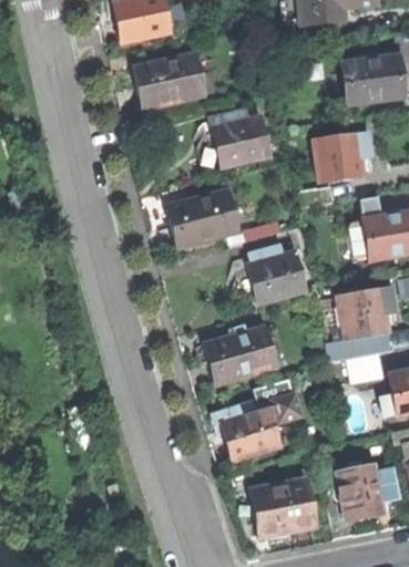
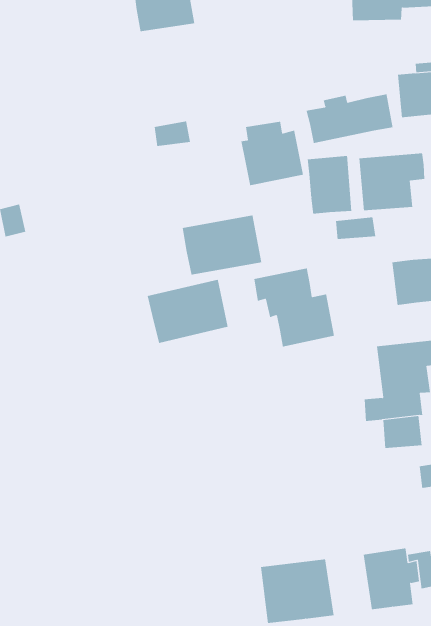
building: [131,54,215,118] -> none
building: none -> [306,94,393,144]
building: none -> [307,155,352,214]
building: [205,328,276,385] -> [147,279,229,344]
building: [213,379,301,460] -> none

